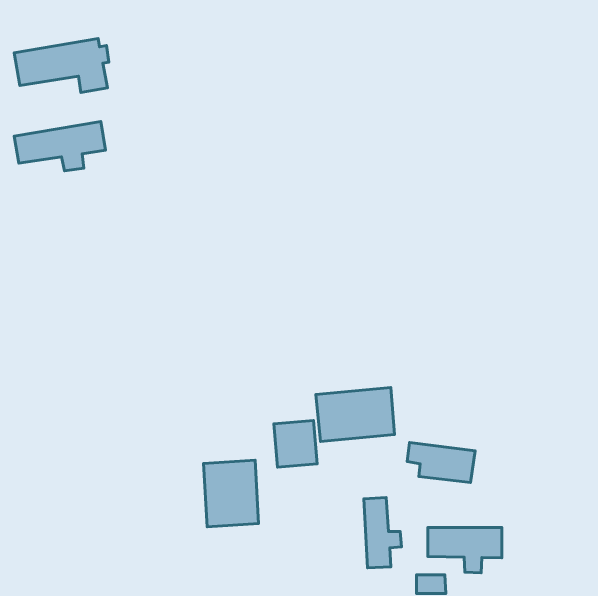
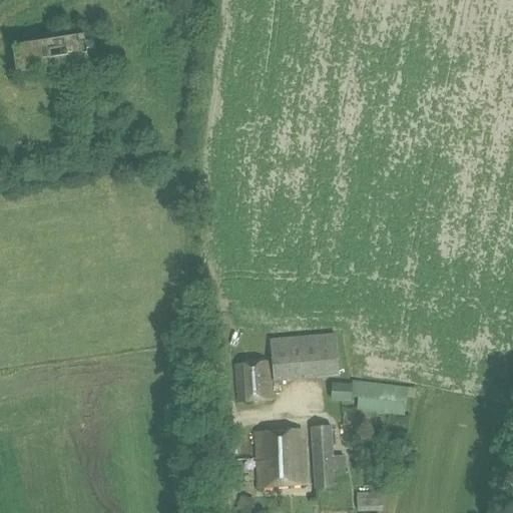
building: [14,122,106,171] -> none
building: [204,460,259,527] -> [256,428,304,485]
building: [428,528,502,573] -> none

